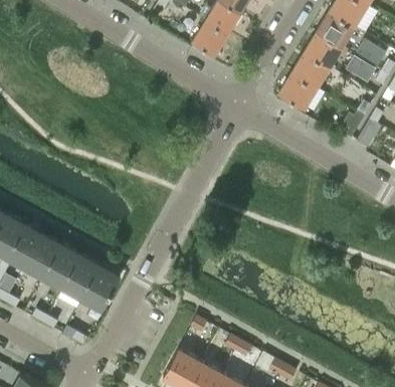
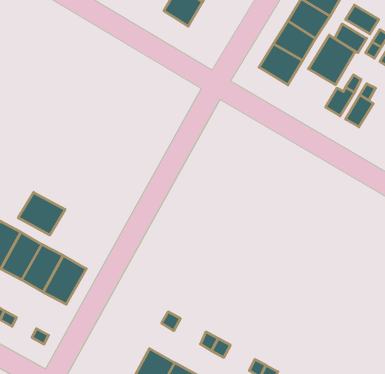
building: none -> [308,35,355,85]
building: none -> [18,192,65,235]

